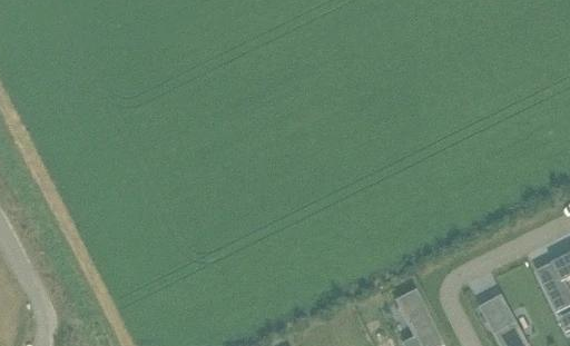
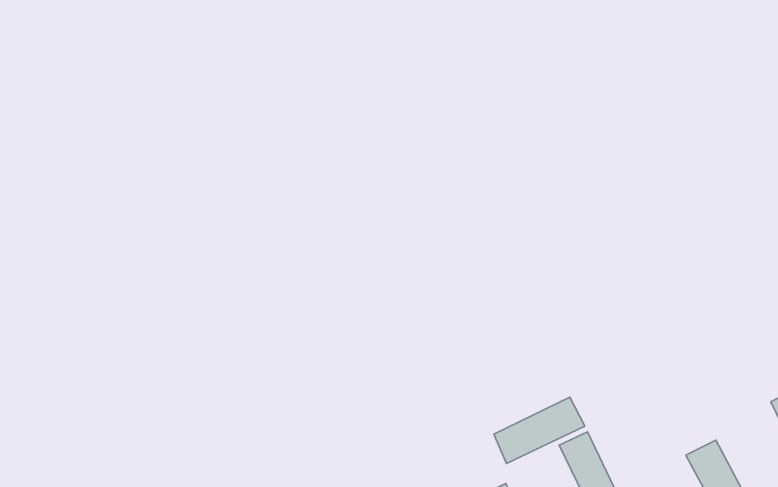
building: none -> [494,397,585,464]

